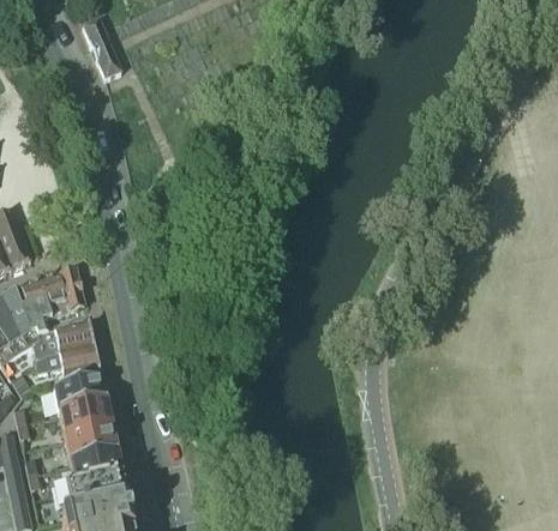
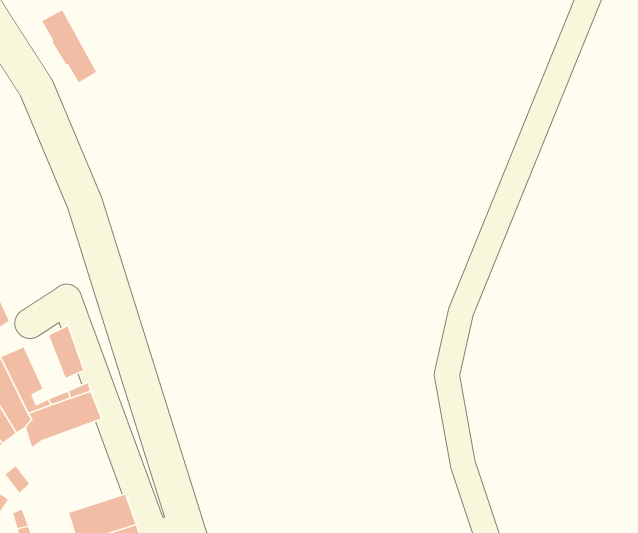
building: [38,272,68,314] -> none
building: [35,343,100,378] -> none
building: [53,376,106,414] -> none

